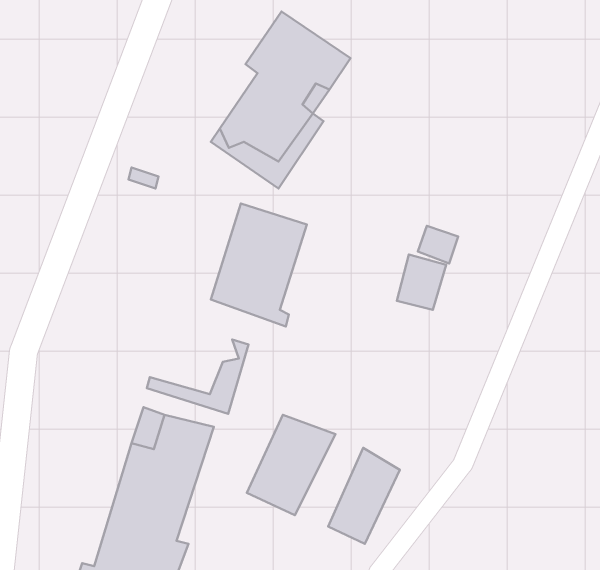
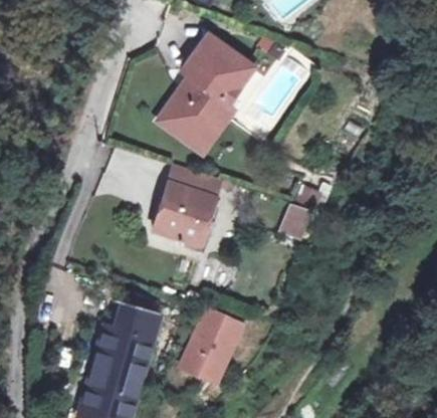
building: [147,339,249,414] -> none
building: [328,448,400,544] -> none

